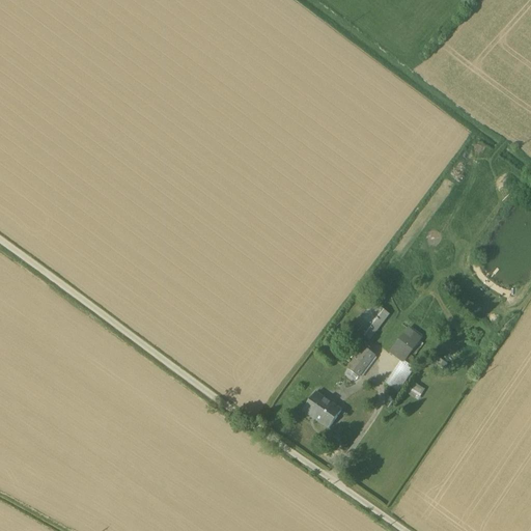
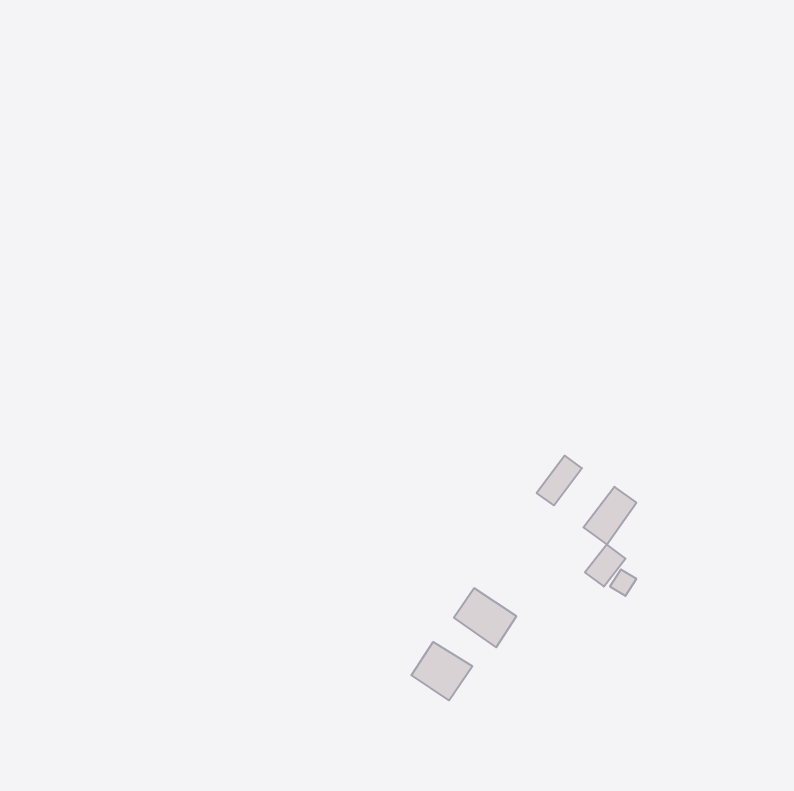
building: [344,344,374,378] -> none
building: none -> [411,642,472,700]

